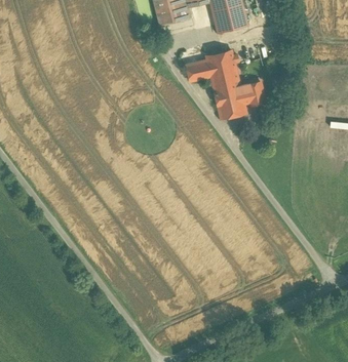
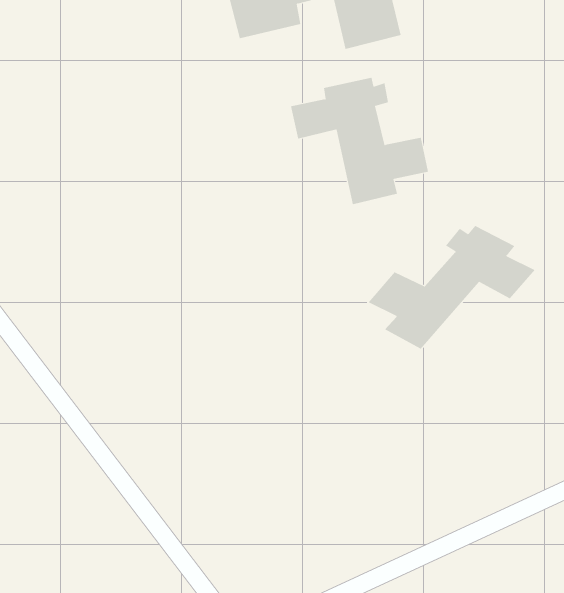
building: none -> [368,225,535,350]

